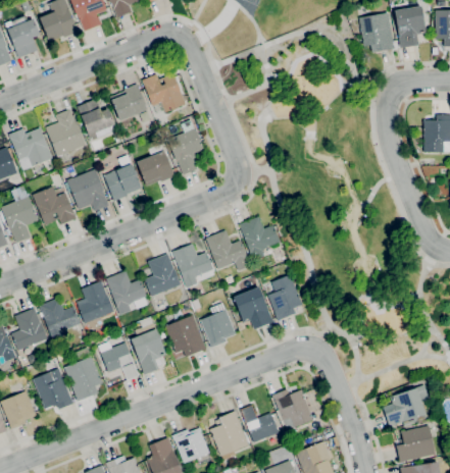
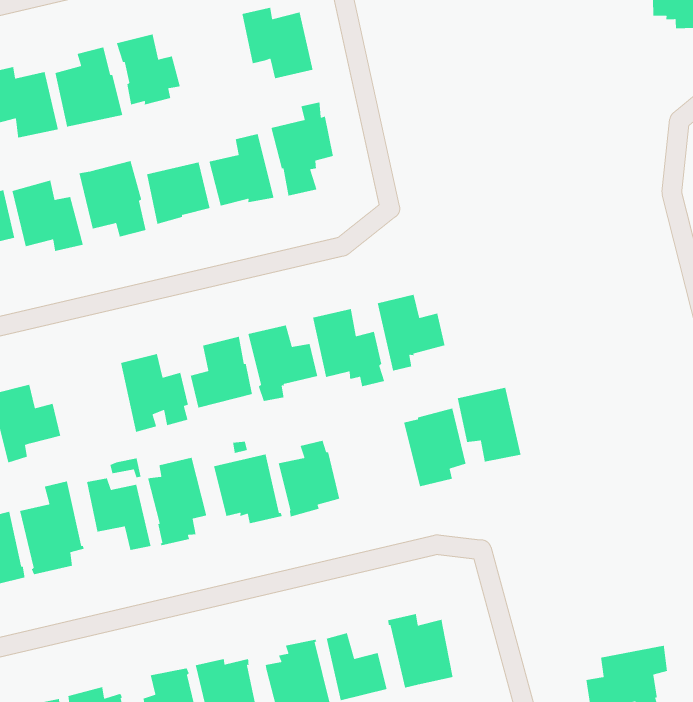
building: [110,84,148,120] -> none
building: [77,280,114,323] -> none
building: [234,286,273,329] -> [457,387,521,463]

